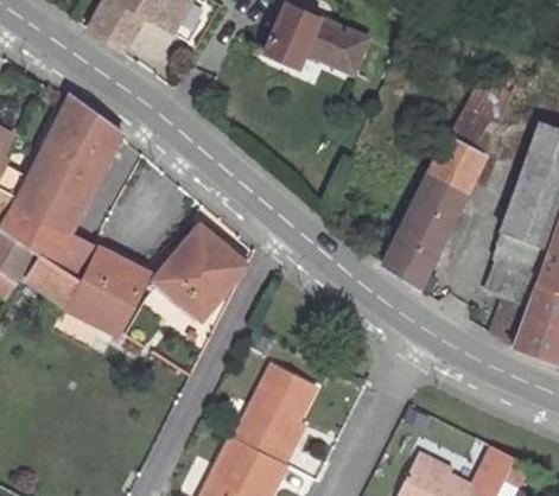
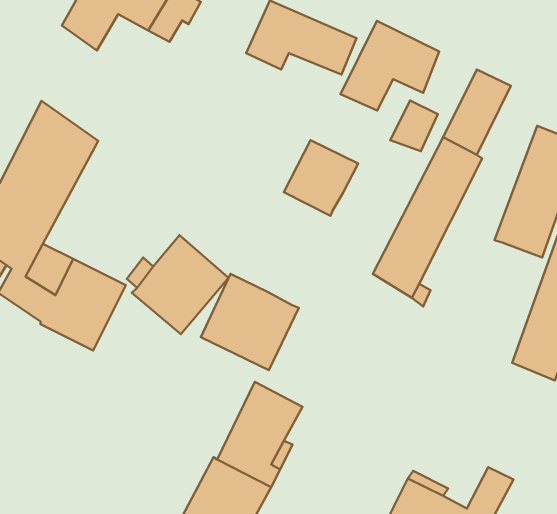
building: none -> [341,21,439,111]
building: none -> [390,100,438,151]
building: none -> [284,140,358,216]
building: [485,234,544,301] -> none
building: none -> [201,274,299,370]

